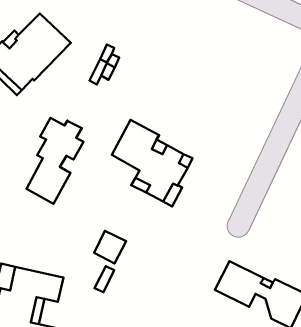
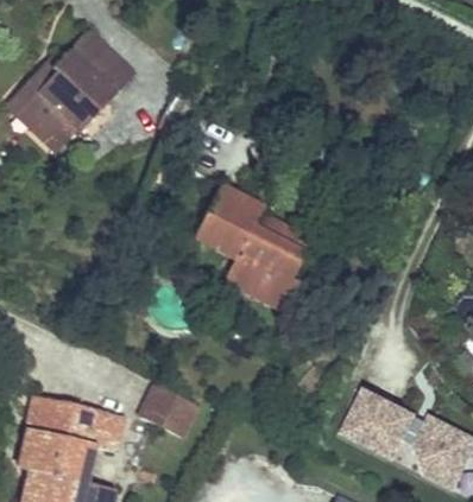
building: [26,118,83,204] -> none
building: [94,231,126,263] -> [139,382,185,430]

